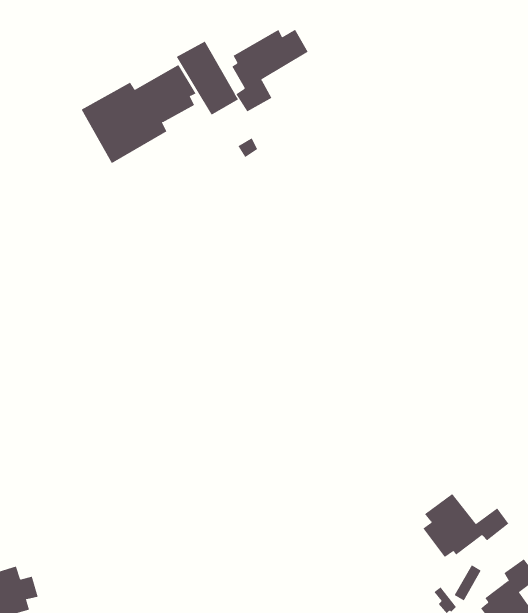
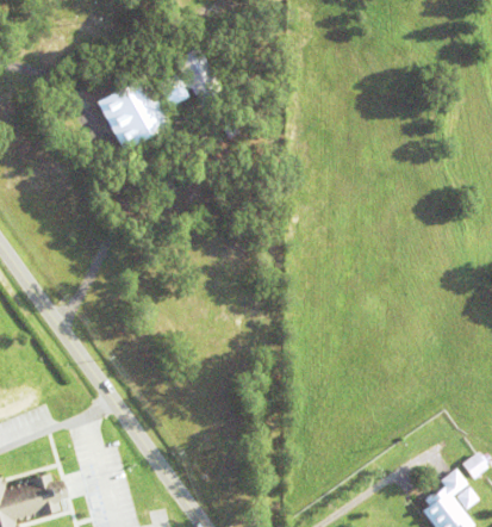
building: [231,29,308,112] -> none
building: [422,493,509,558] -> none

